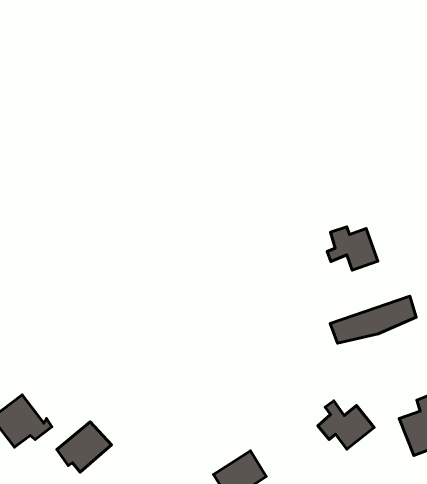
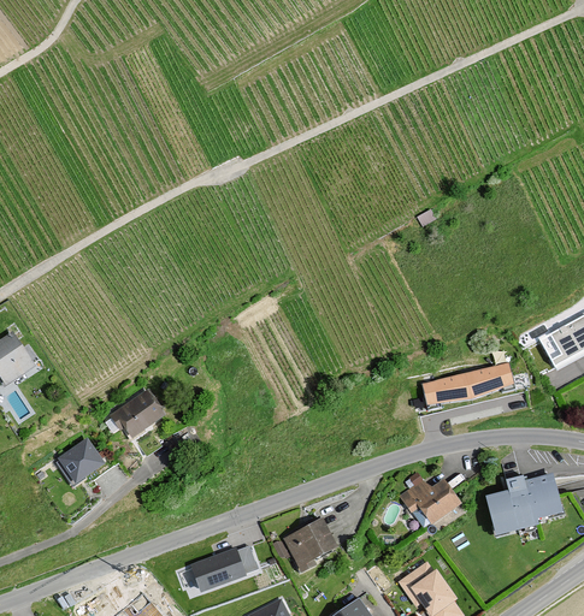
building: [327,227,378,270] -> none
building: [57,422,111,472] -> [108,387,167,440]

